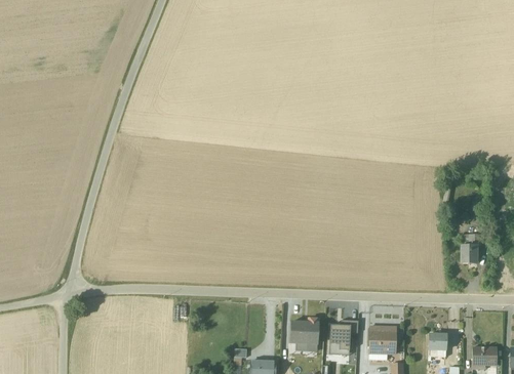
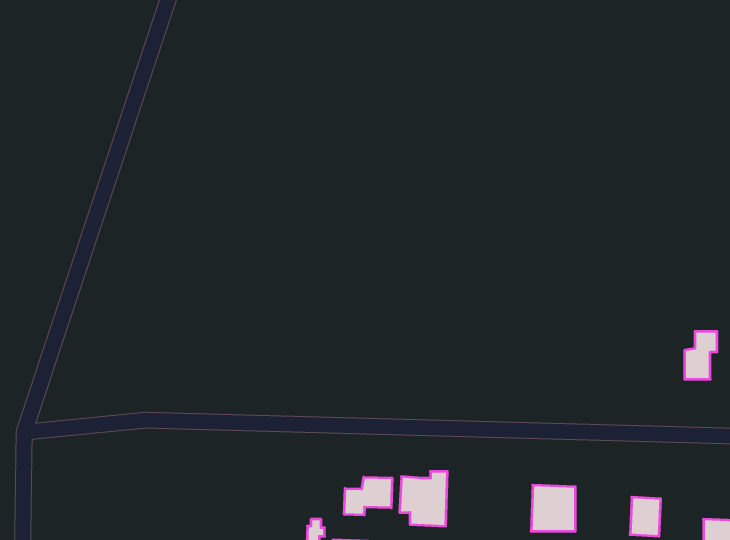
building: [328,319,358,354] -> none
building: none -> [344,477,392,515]

